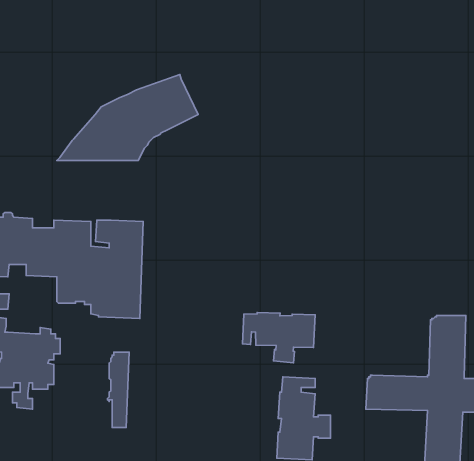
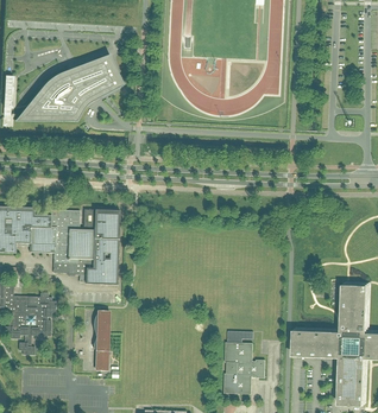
building: [57,75,198,161] -> [14,55,124,121]
building: [243,312,315,363] -> none

